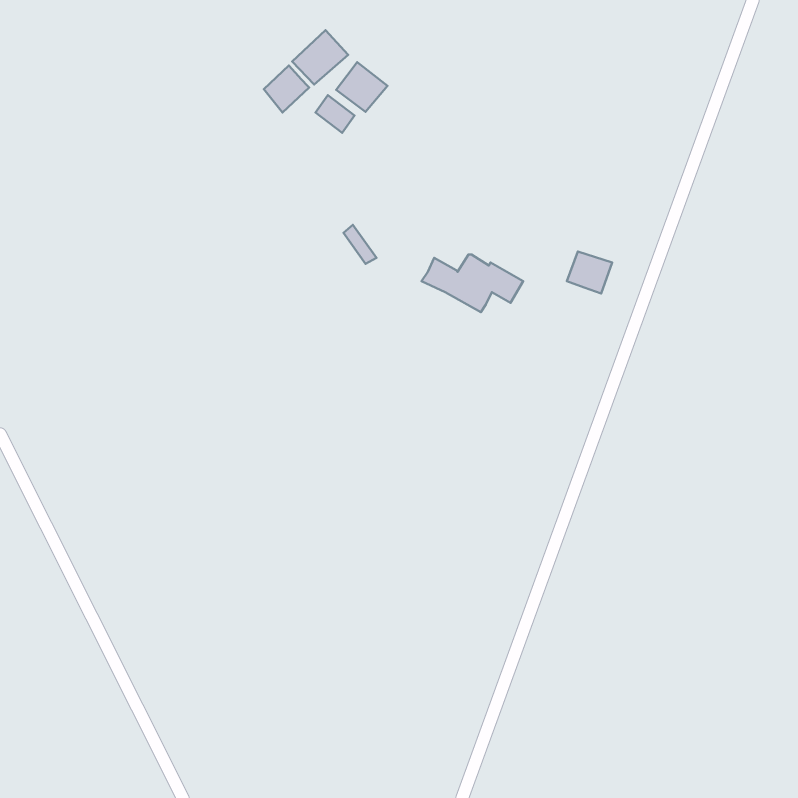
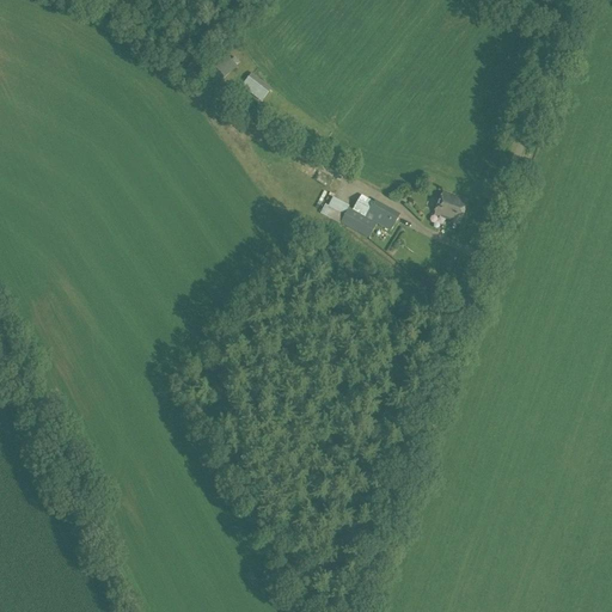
building: [292,30,348,85] -> none
building: [336,62,388,112] -> none

